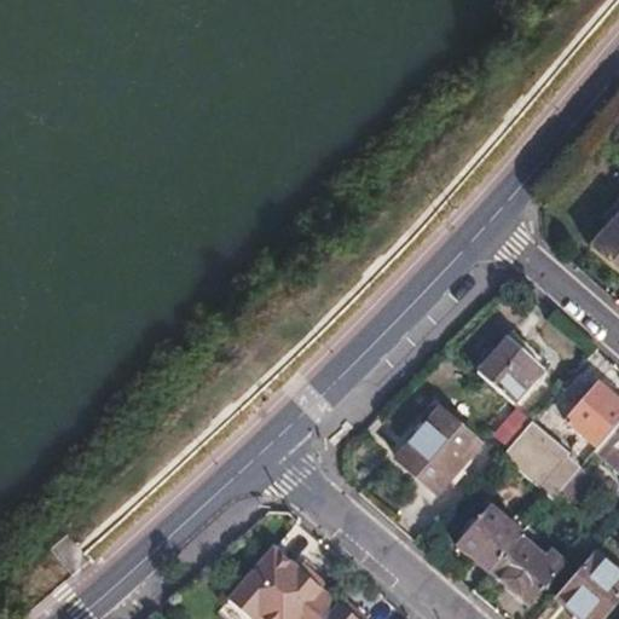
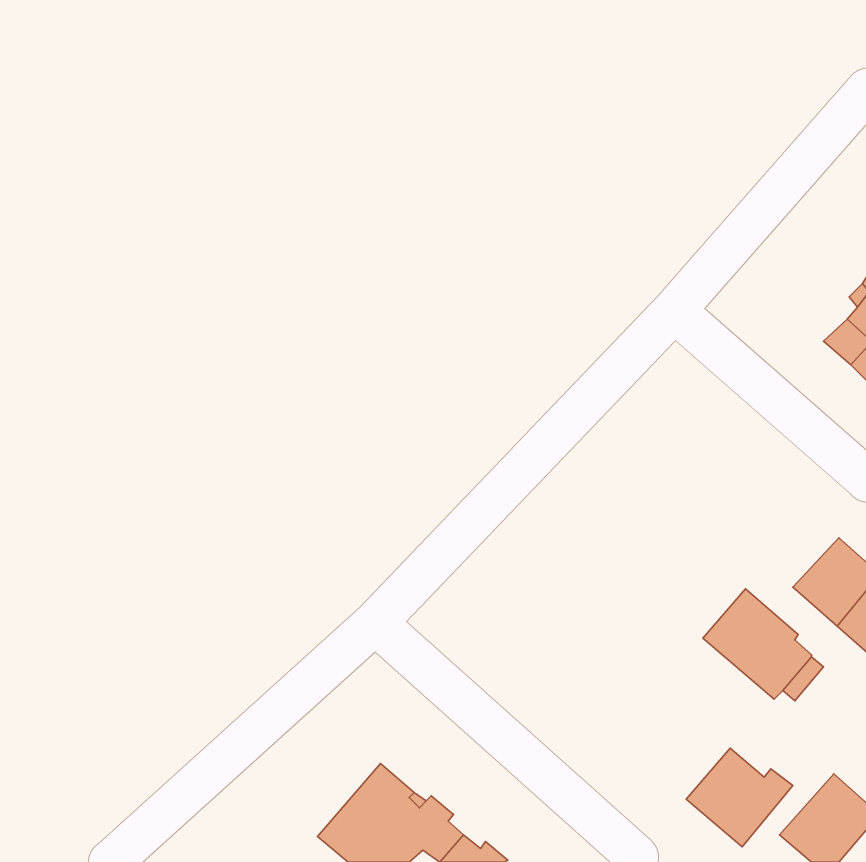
building: [476,337,540,401] -> none
building: [399,411,476,491] -> none
building: [457,504,528,569] -> none

